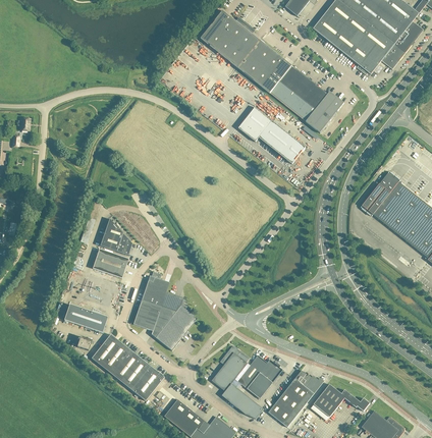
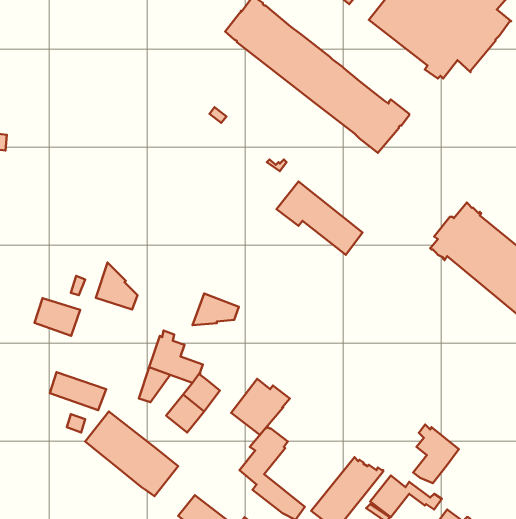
building: [237,107,305,164] -> [276,182,363,255]
building: none -> [192,293,239,325]
building: [92,249,127,278] -> [35,298,80,336]
building: [142,306,174,337] -> none
building: none -> [413,424,459,483]
building: [236,354,282,398] -> [231,379,290,435]

